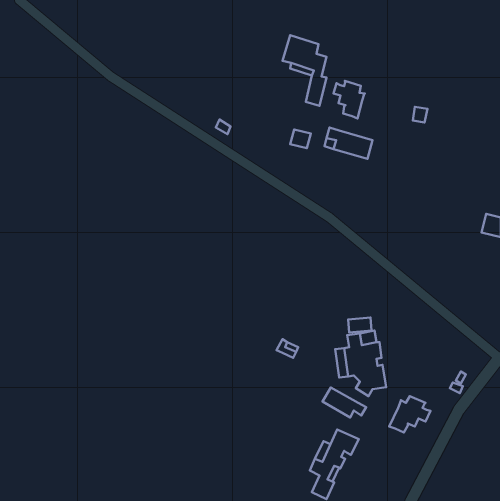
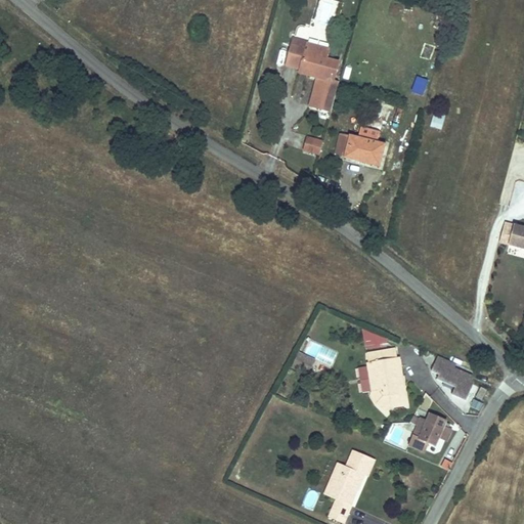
building: [334,81,365,118] -> none
building: none -> [429,353,471,398]
building: [322,388,366,417] -> none

